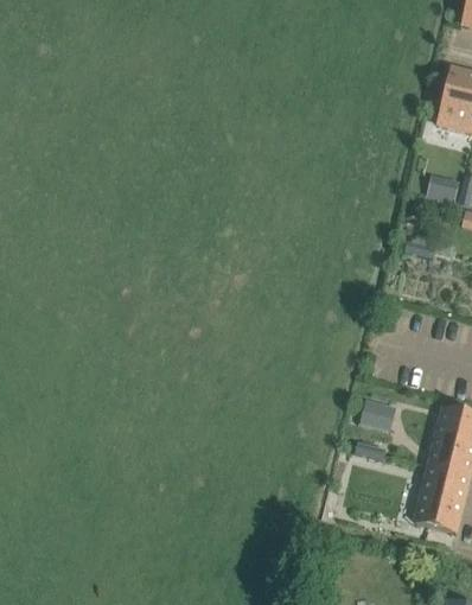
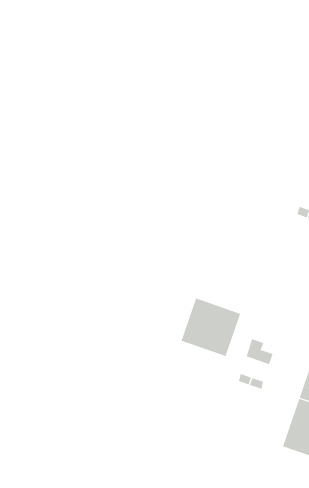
building: none -> [181,298,241,357]

